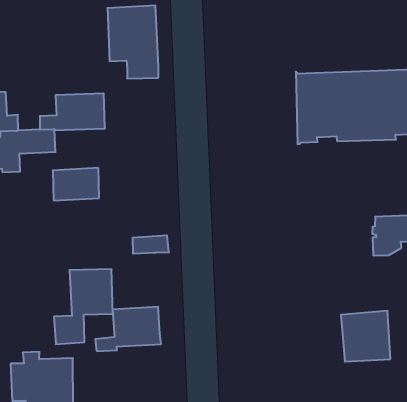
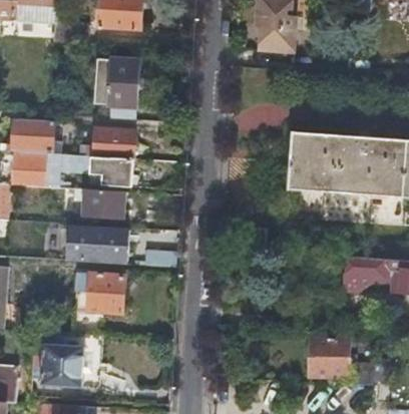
building: [107,5,158,79] -> [94,57,137,119]
building: none -> [87,156,131,186]
building: [95,307,161,351] -> [71,229,126,263]

